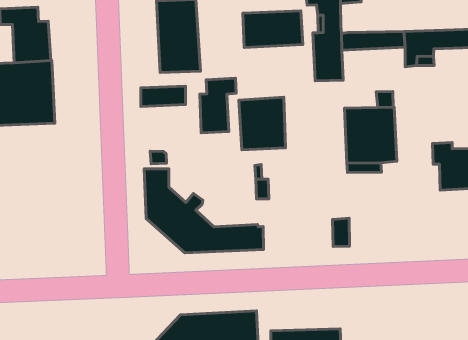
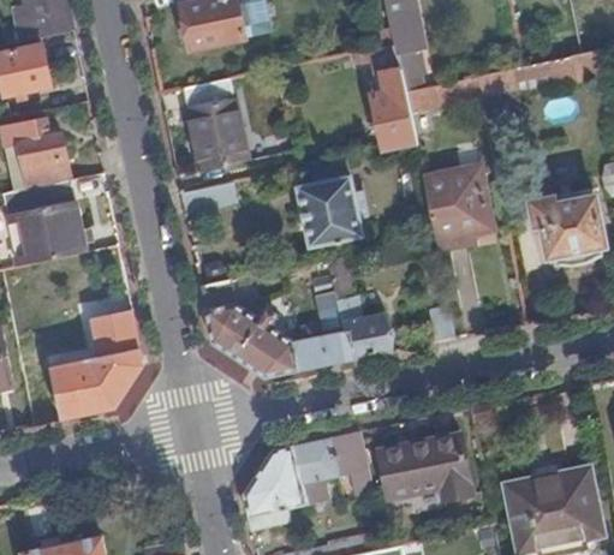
building: [243,11,303,48] -> none
building: [200,78,236,133] -> none
building: none -> [52,311,143,418]
building: none -> [340,309,392,357]

